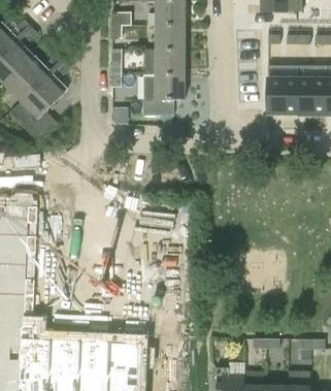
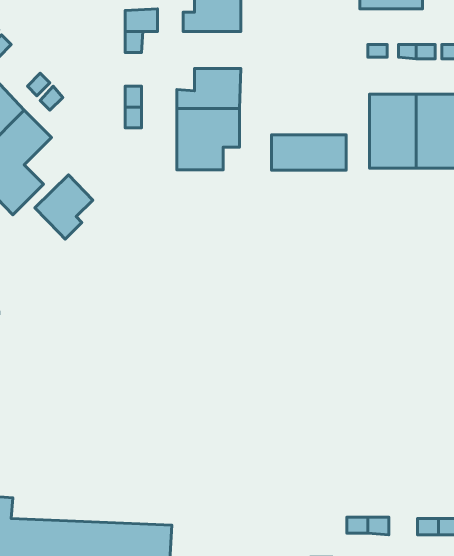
building: [156,27,186,51] -> none
building: none -> [271,135,346,170]
building: none -> [35,175,93,239]

